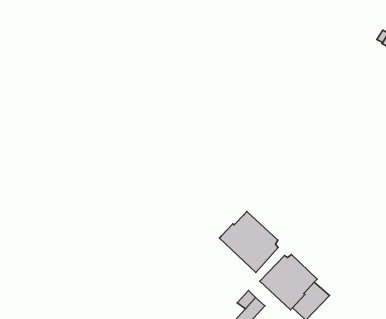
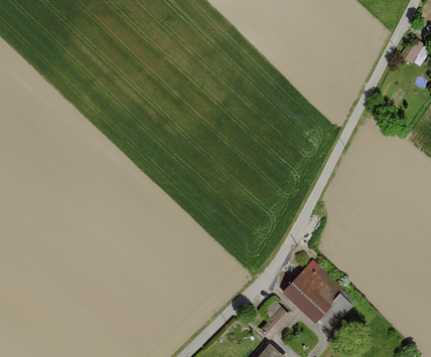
building: [219,211,278,272] -> none

